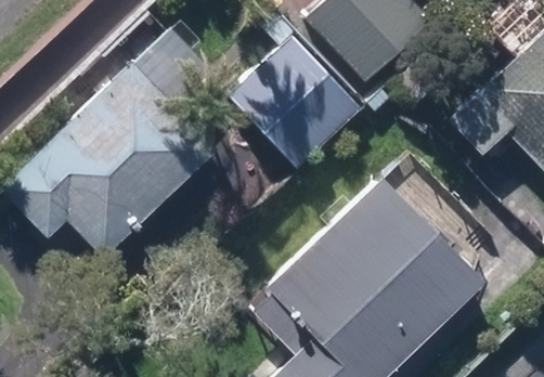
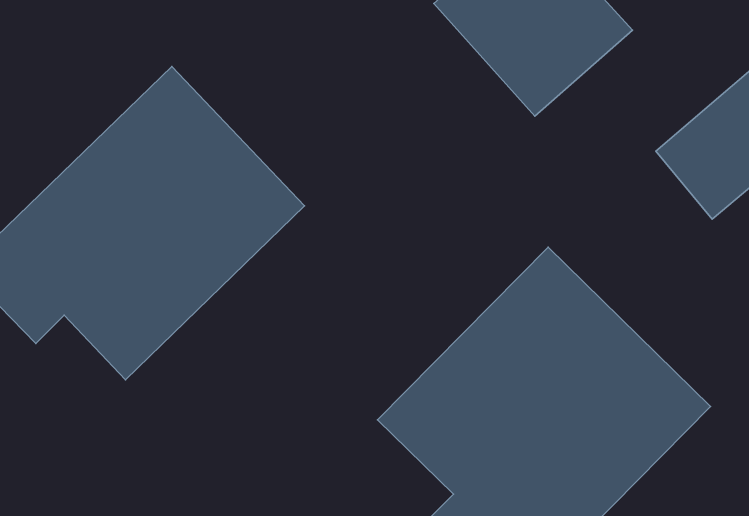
building: [231,36,368,173] -> none

